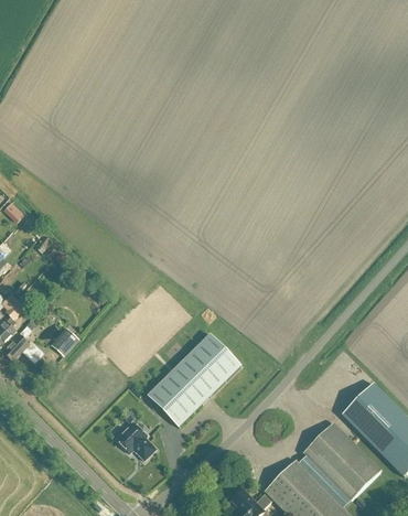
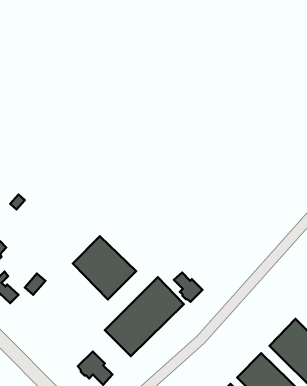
building: none -> [73,236,136,299]
building: none -> [174,273,202,302]

